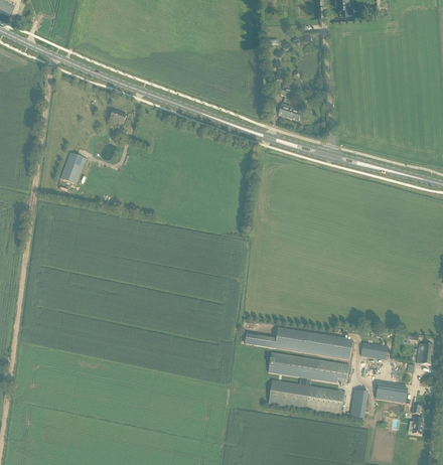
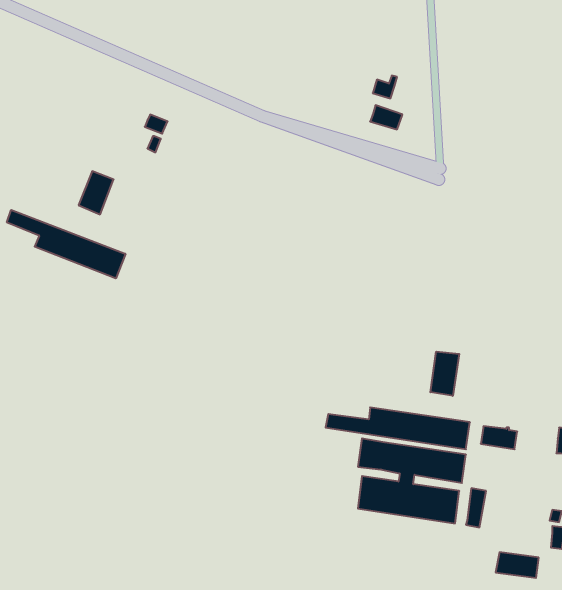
building: none -> [7,210,125,278]
building: none -> [430,352,459,396]
building: [375,383,407,403] -> [496,552,539,578]

